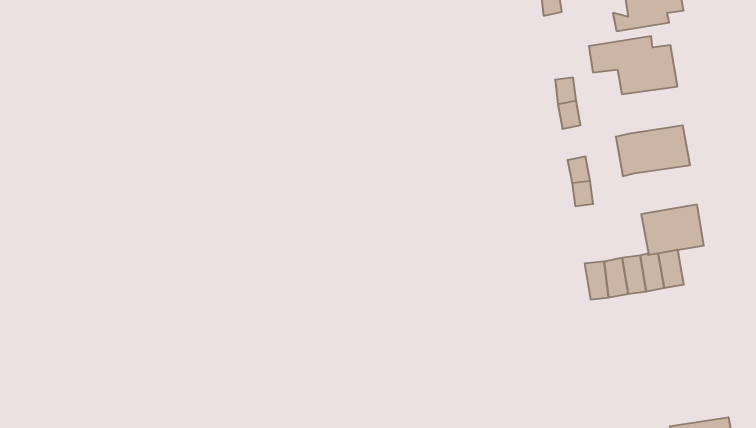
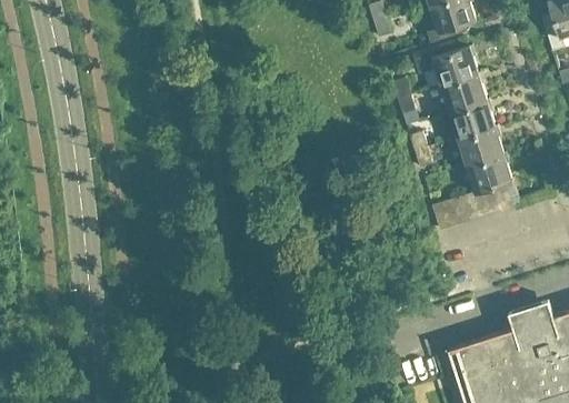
building: none -> [441,75,487,113]
building: none -> [458,129,505,168]

